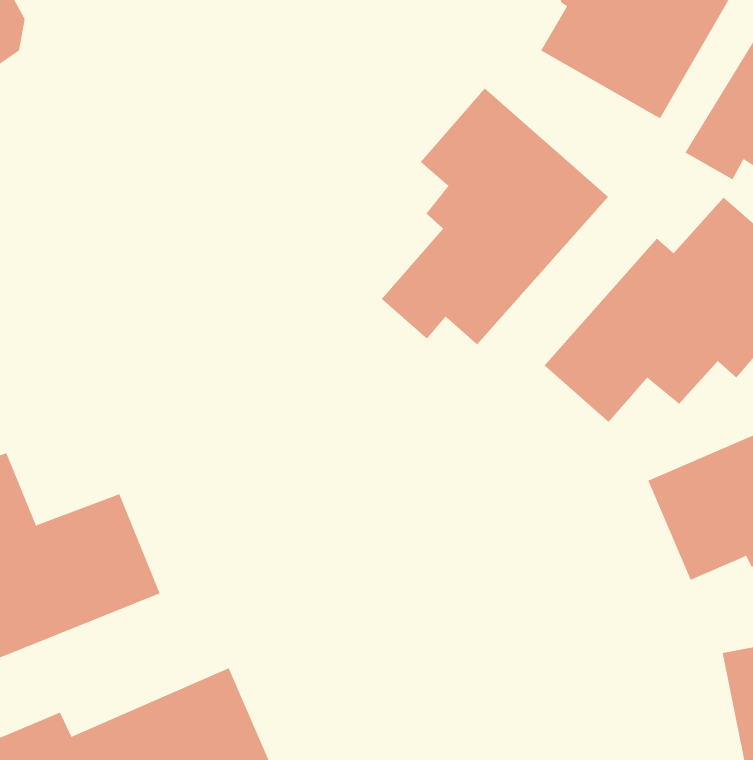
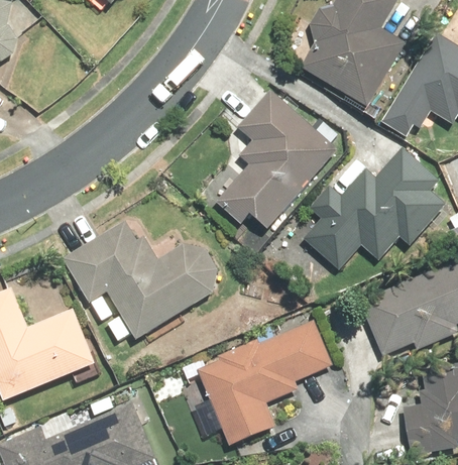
building: none -> [63,222,217,337]
building: none -> [197,321,333,445]

